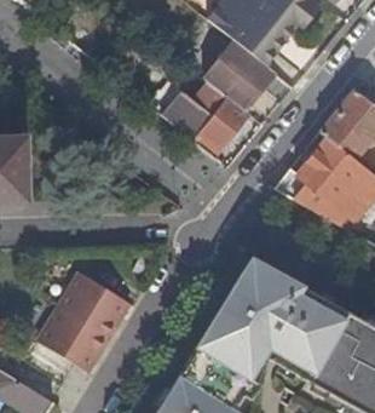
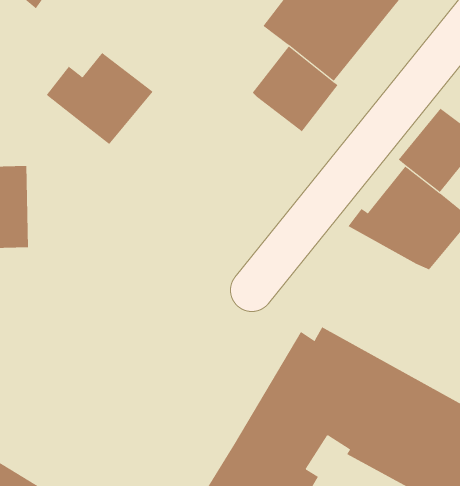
building: [165,81,250,155] -> [46,52,154,145]
building: [36,271,131,372] -> none

